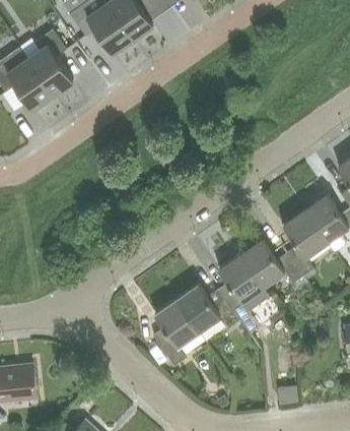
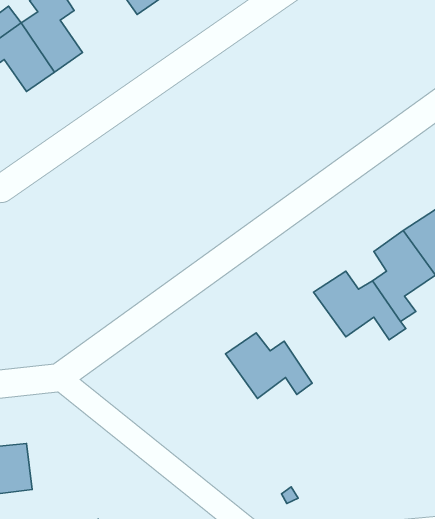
building: [219,255,264,334] -> none
building: [152,300,200,366] -> none

